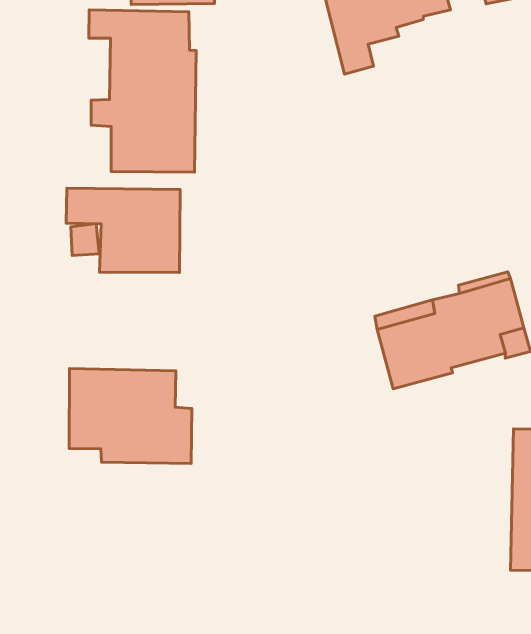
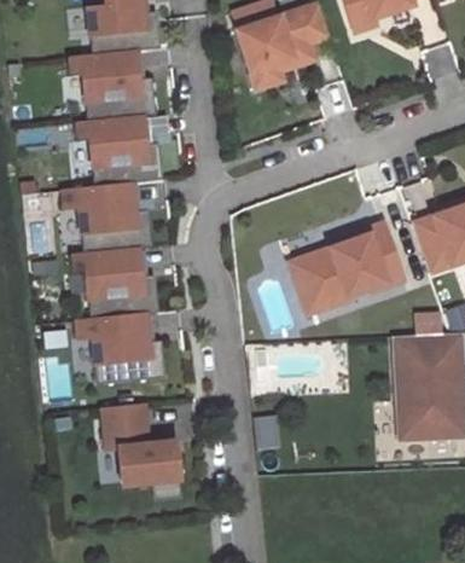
building: none -> [65,245,147,304]
building: none -> [99,404,185,489]

